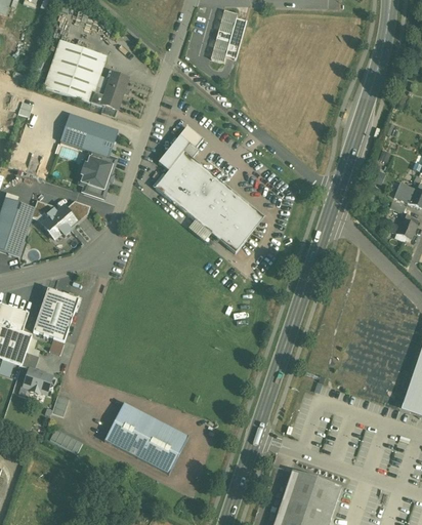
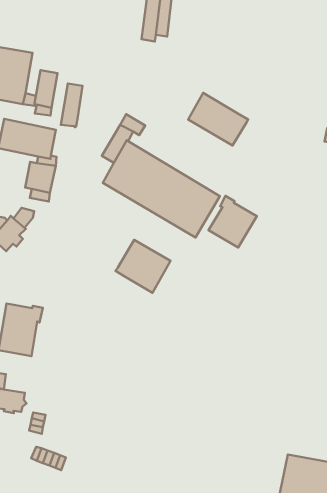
building: none -> [61,84,83,127]
building: none -> [188,93,248,145]
building: none -> [209,196,257,248]
building: none -> [116,240,171,293]
building: [104,403,187,474] -> none

